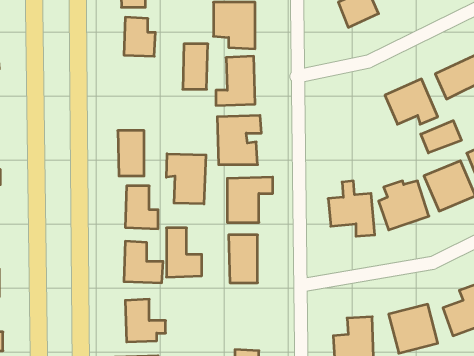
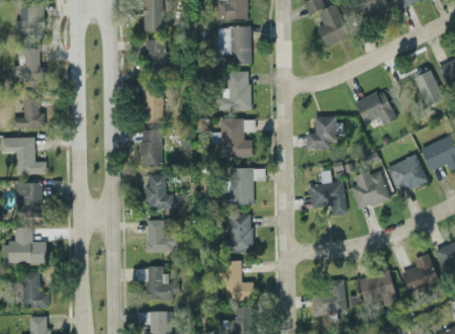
building: [183,44,208,89] -> [143,86,163,122]
building: none -> [306,116,340,150]
building: [421,121,461,153] -> none
building: [166,154,206,204] -> none
building: [166,228,202,277] -> [225,261,254,301]

